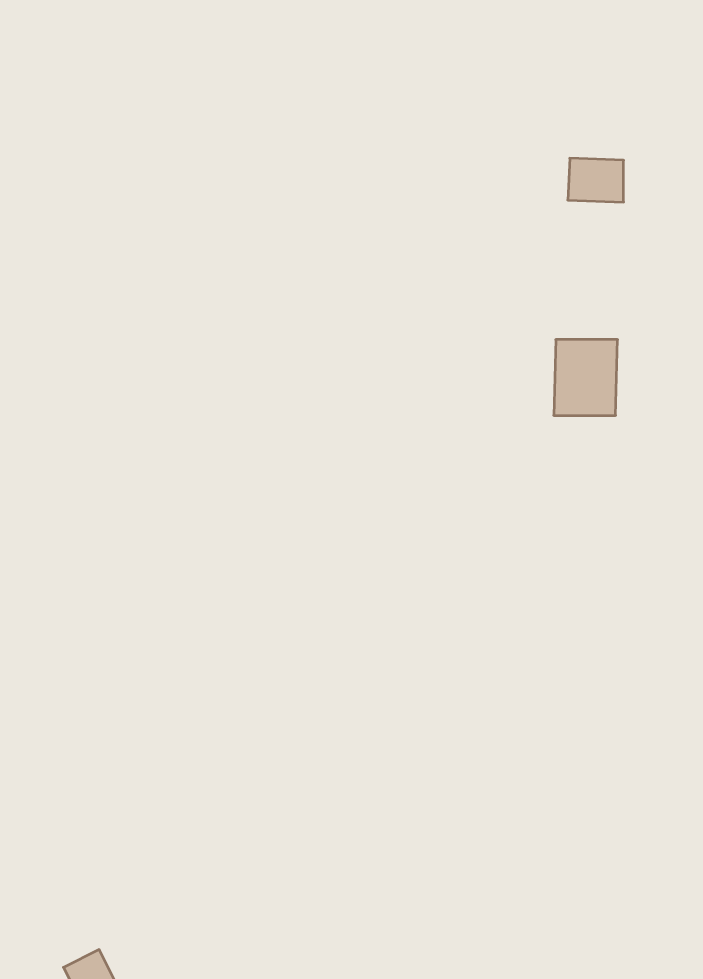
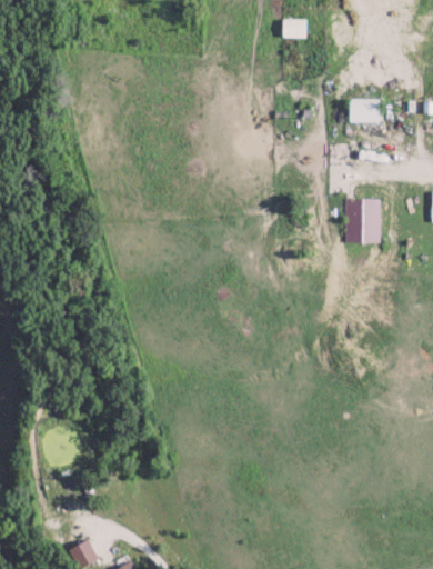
building: none -> [284,19,309,38]

